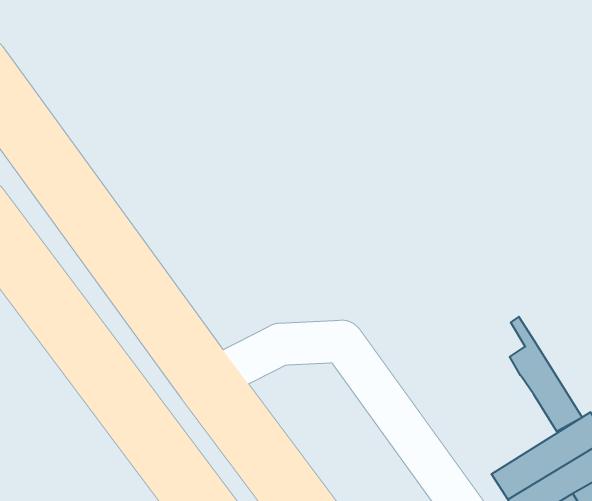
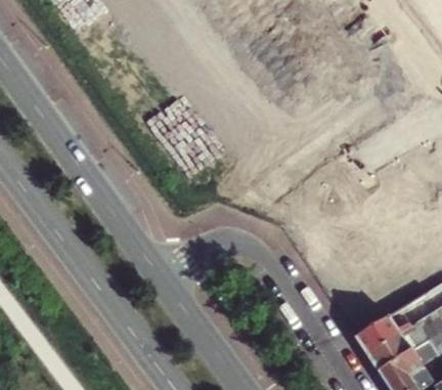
building: [510,317,582,432] -> none

